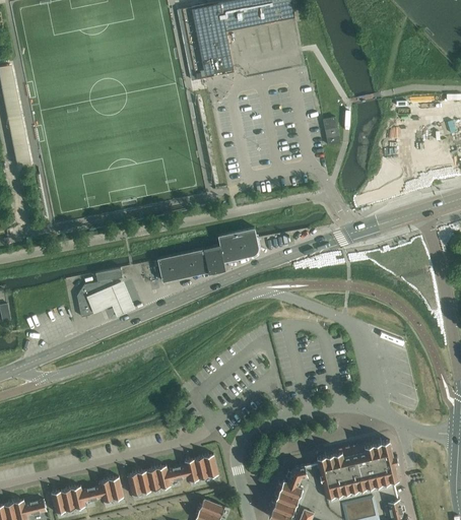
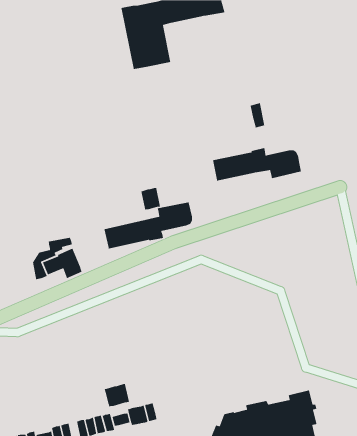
building: none -> [212,147,302,181]
building: none -> [140,187,161,211]
building: none -> [104,383,130,408]

